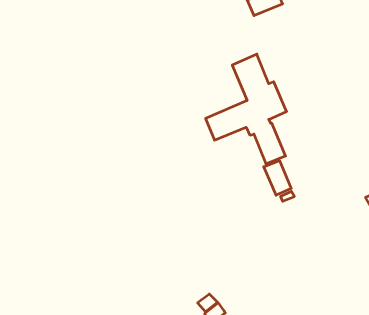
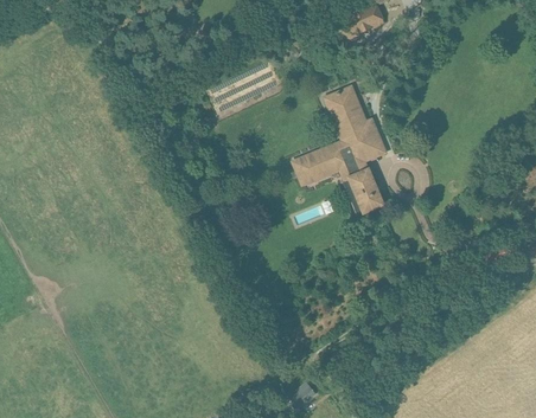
building: [264,161,291,195] -> none

